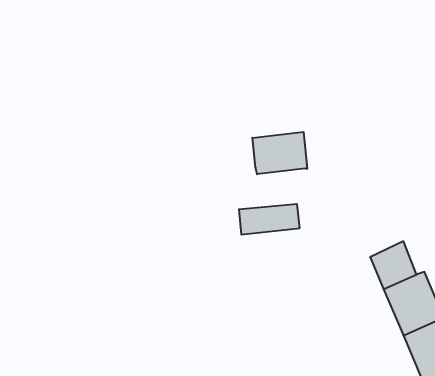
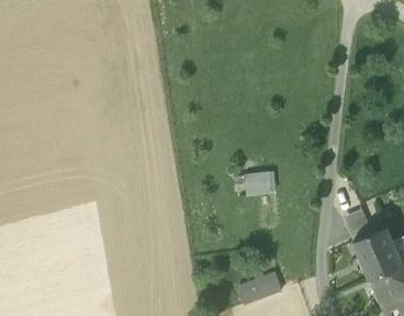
building: [252,132,307,174] -> none
building: none -> [238,272,282,304]

